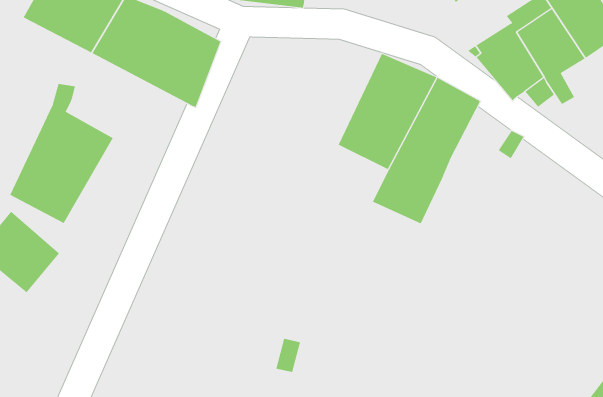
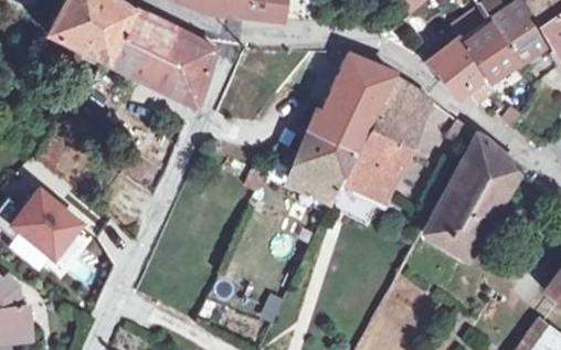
building: [10,83,113,224] -> none
building: none -> [422,132,520,255]
building: none -> [290,134,353,204]

